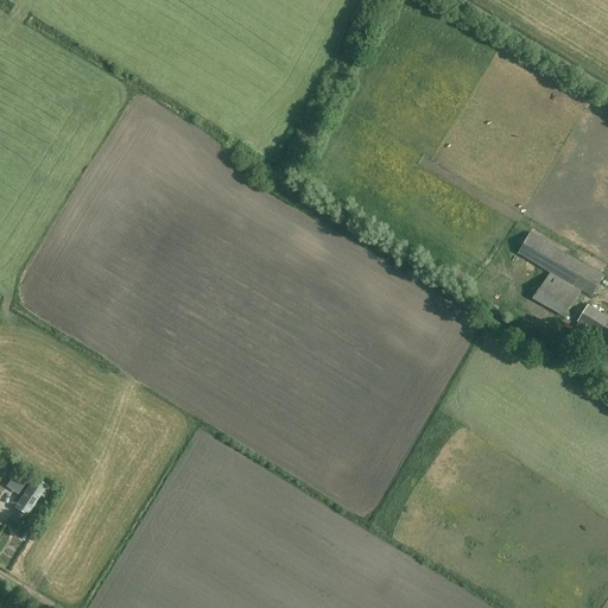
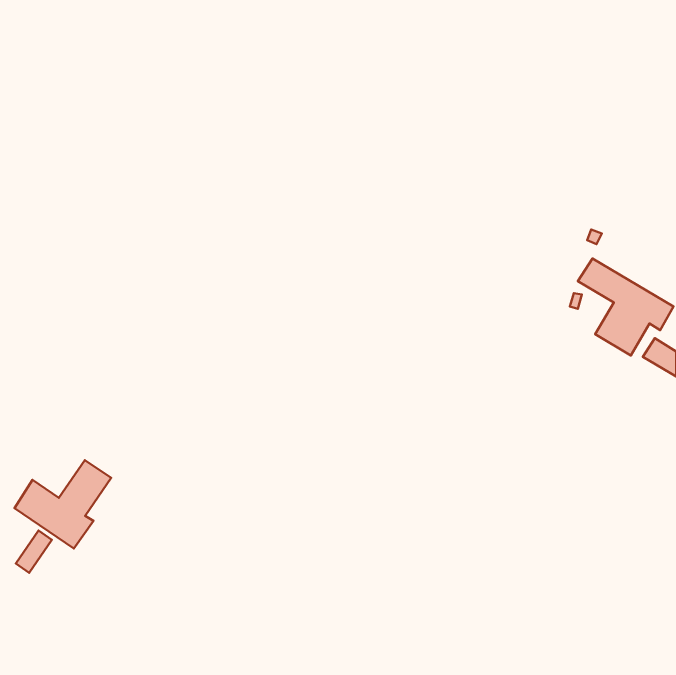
building: none -> [14,460,111,549]

